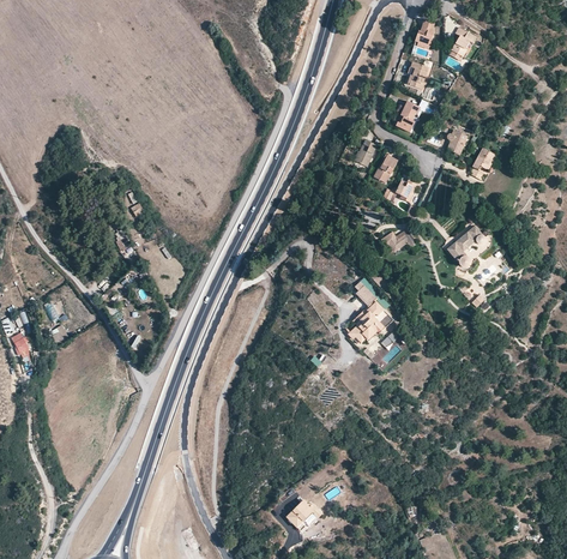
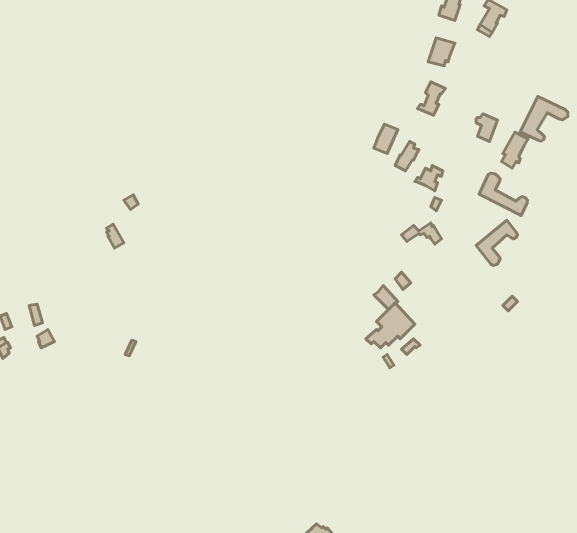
building: none -> [520,96,568,141]
building: none -> [479,173,527,215]

